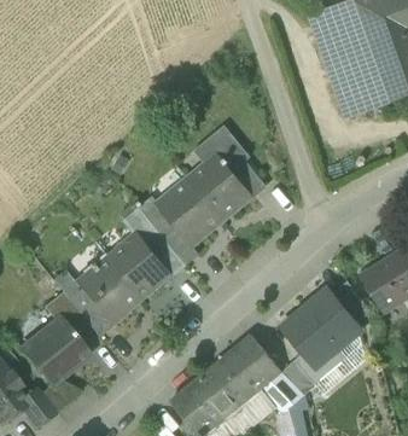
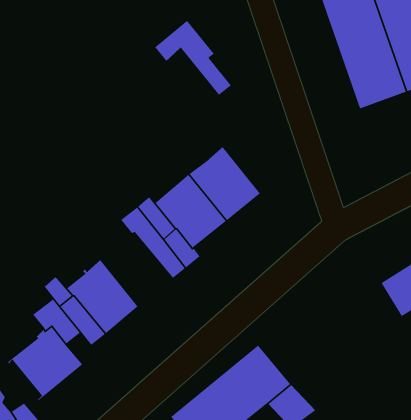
building: [194,124,266,194] -> [154,20,232,96]
building: [106,231,173,298] -> none
building: [281,289,361,383] -> none

